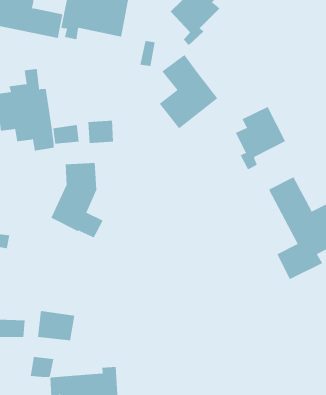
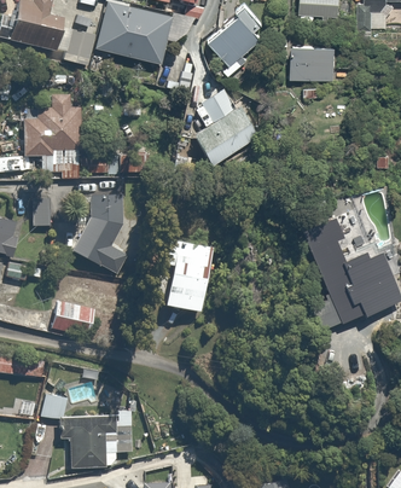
building: none -> [290,45,338,82]
building: [235,106,286,170] -> none
building: none -> [33,198,56,225]
building: none -> [165,240,220,315]
building: [37,311,75,341] -> [52,302,93,336]

